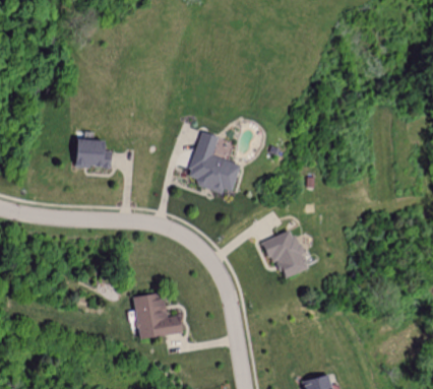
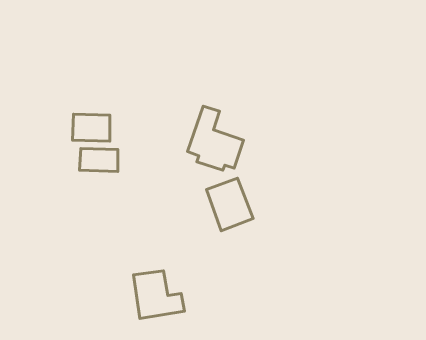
building: none -> [80,149,118,171]
building: [264,229,310,280] -> [207,178,253,231]

